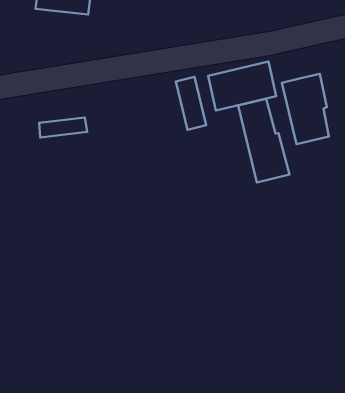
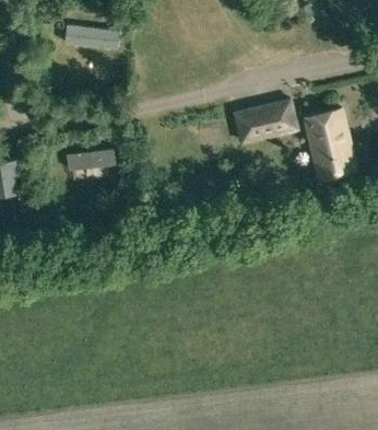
building: [176,77,206,130] -> none
building: [238,99,290,182] -> none

